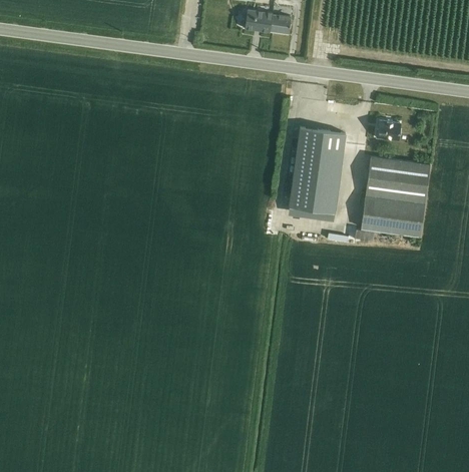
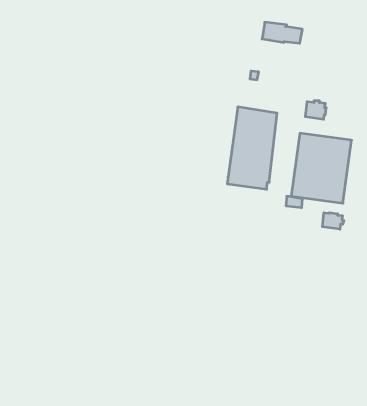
building: [245,9,291,33] -> [262,22,302,43]
building: none -> [322,213,344,229]

